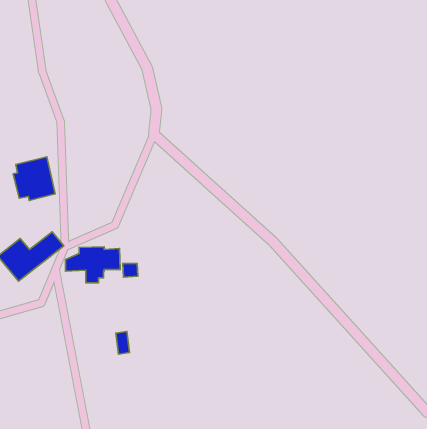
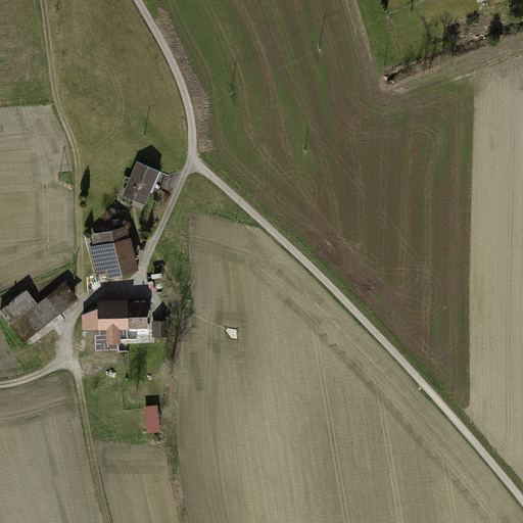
building: none -> [122,161,159,204]
building: [13,157,55,201] -> [87,226,138,279]

